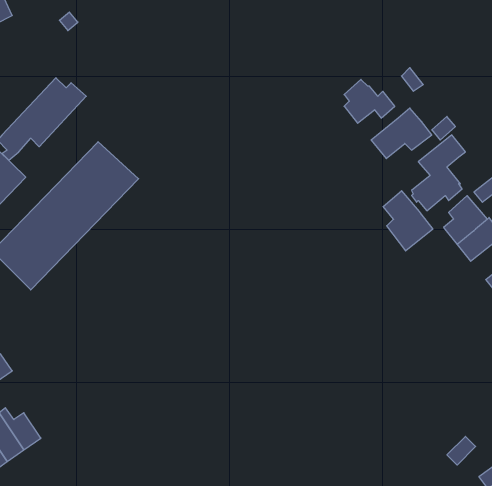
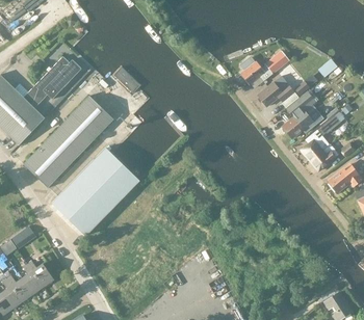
building: [383,191,433,251] -> none
building: none -> [52,148,139,236]

